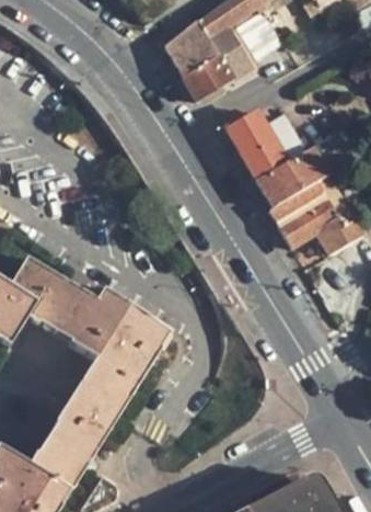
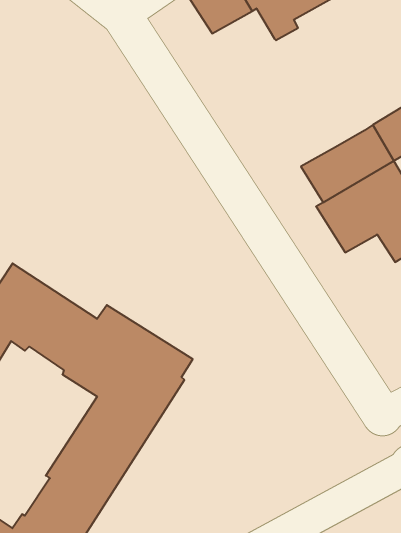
building: [183,53,234,99] -> none
building: [225,110,305,162] -> none

